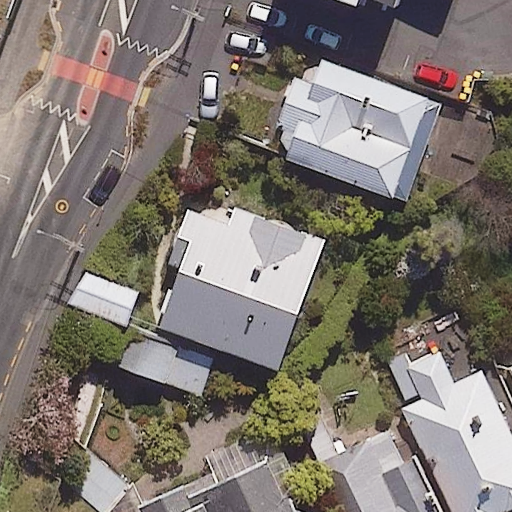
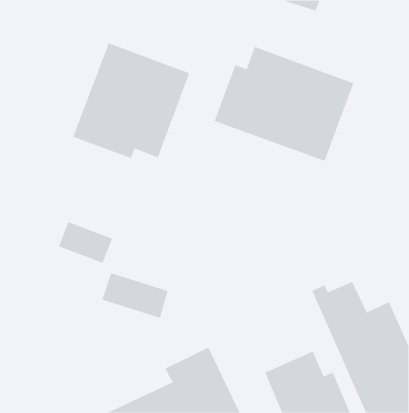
building: none -> [73,43,190,159]
building: [160,209,329,371] -> none

